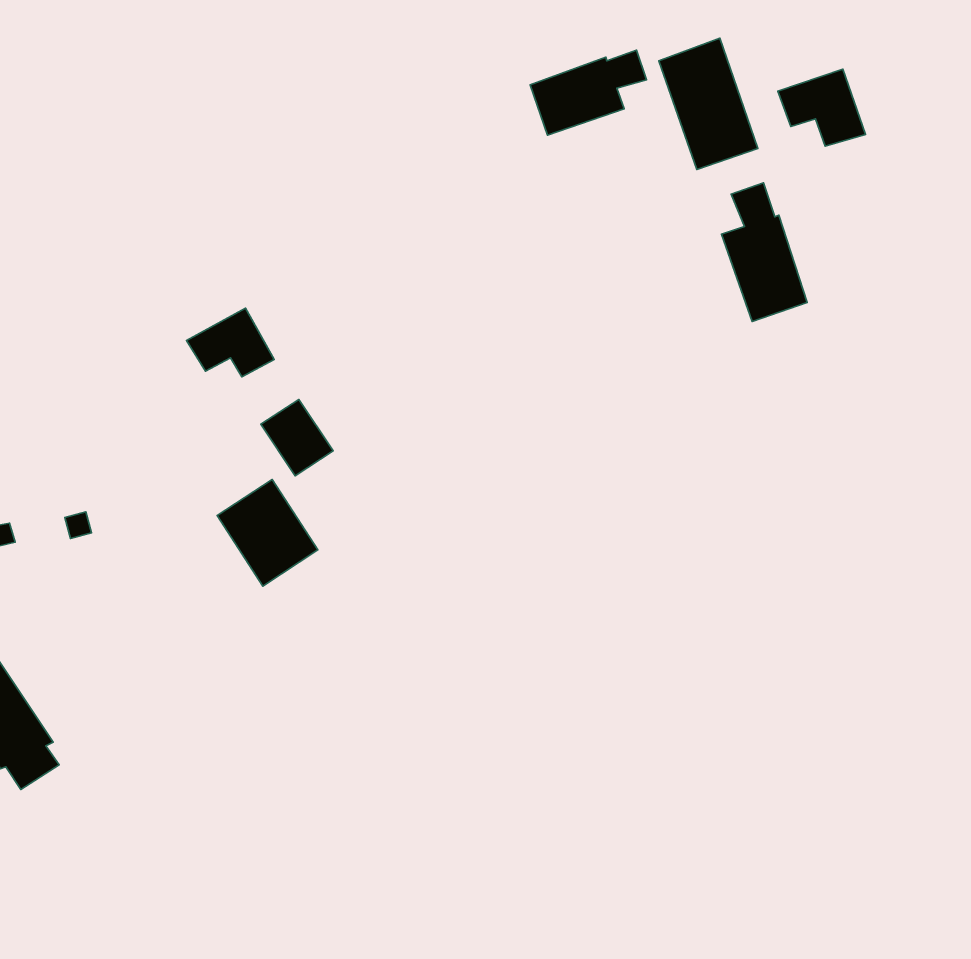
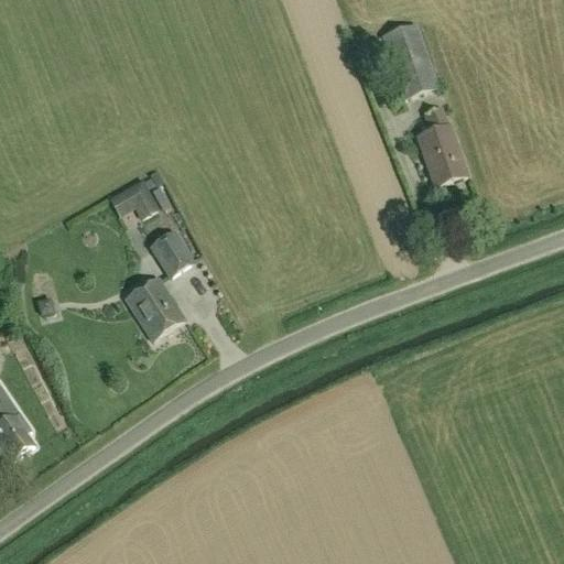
building: [530,50,647,135] -> none
building: [778,69,865,146] -> none

